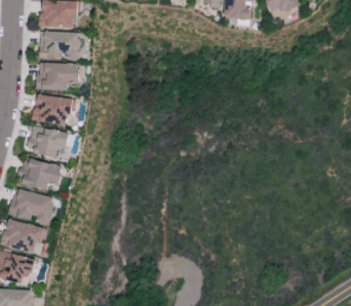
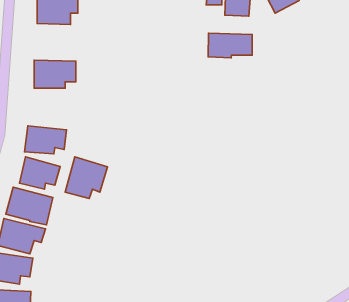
building: [39,32,81,60] -> none
building: none -> [208,33,252,58]
building: [33,93,72,125] -> none
building: none -> [65,157,108,199]

